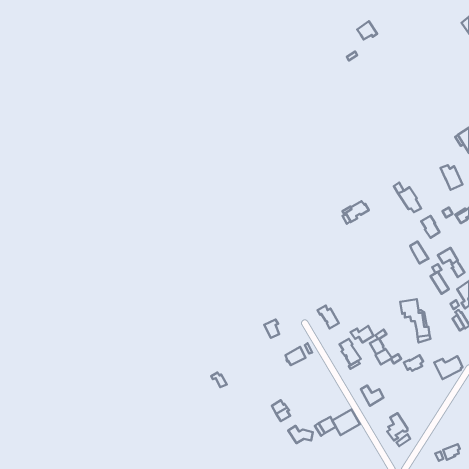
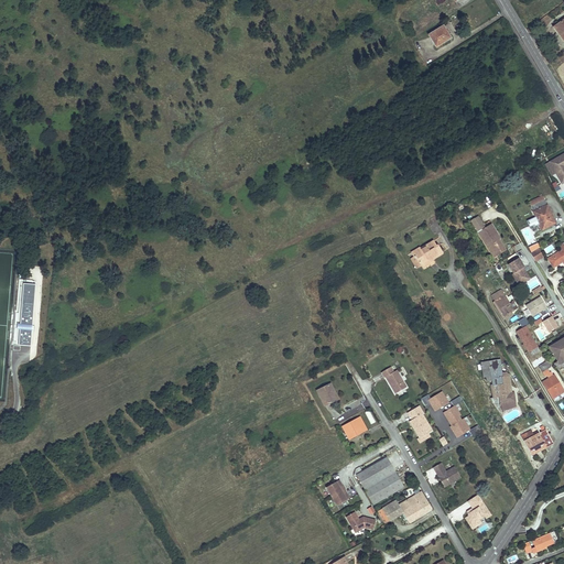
building: none -> [357,457,403,503]

